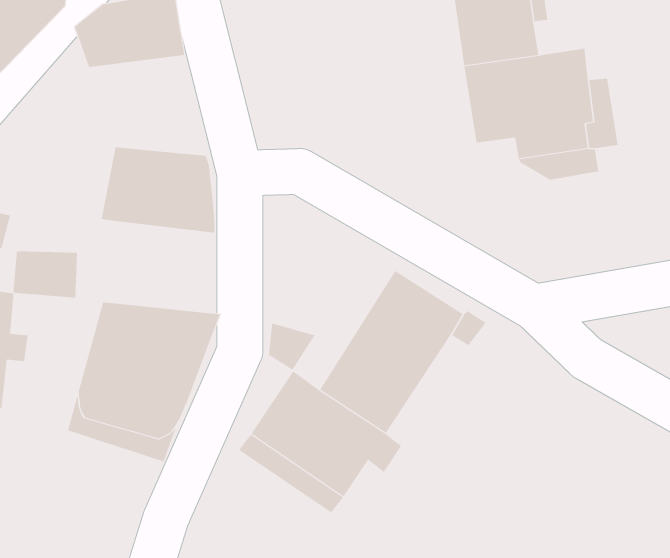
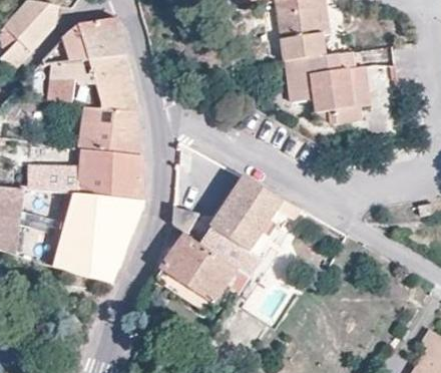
building: none -> [46,53,136,110]
building: none -> [77,147,144,201]

